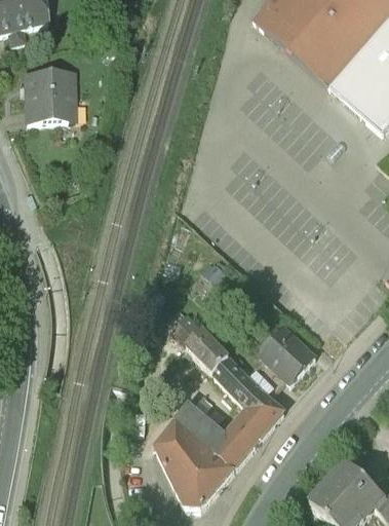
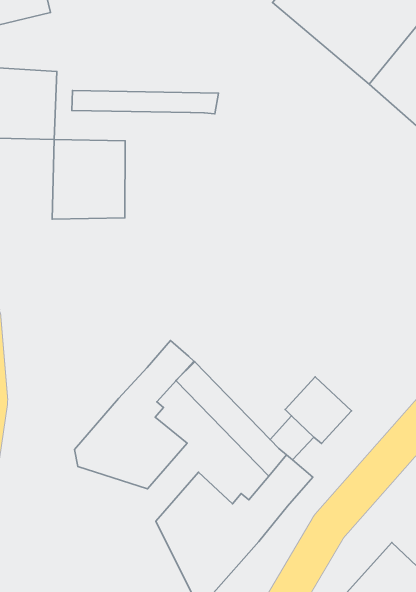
building: none -> [72,91,219,114]
building: none -> [52,139,125,219]
building: none -> [75,341,194,489]

